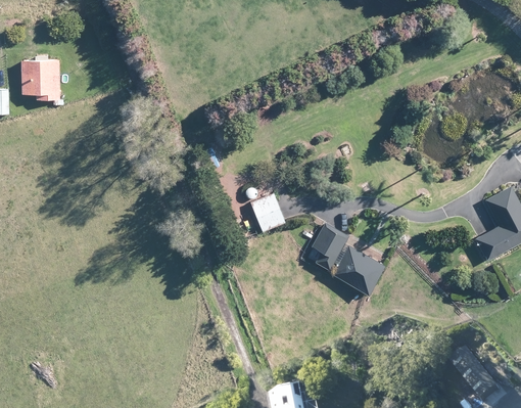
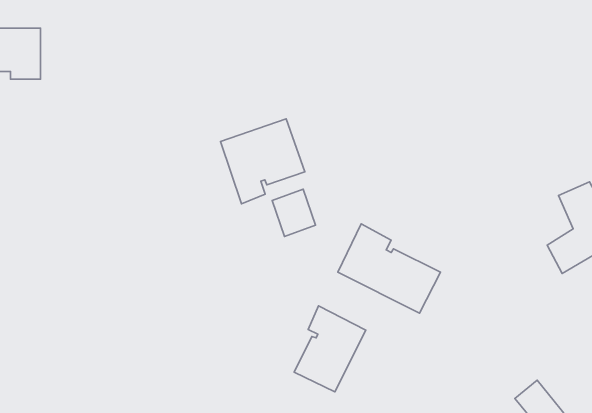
building: none -> [220,119,305,204]
building: none -> [294,306,366,392]

